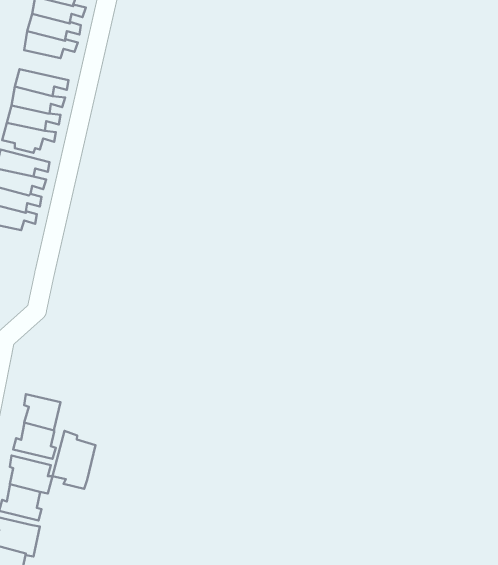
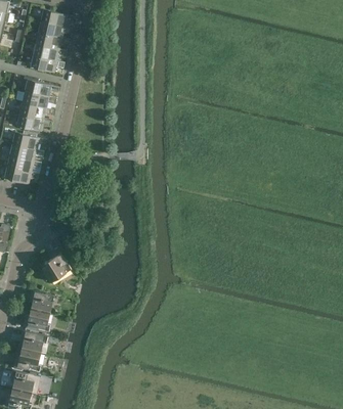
building: none -> [40,249,71,281]
building: [53,431,95,489] -> none

